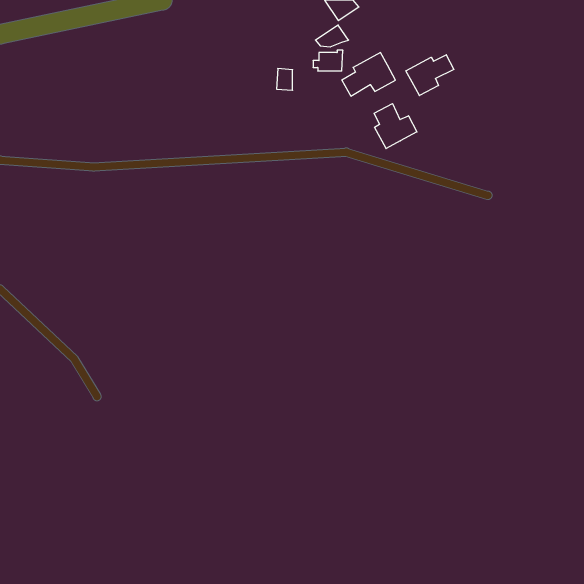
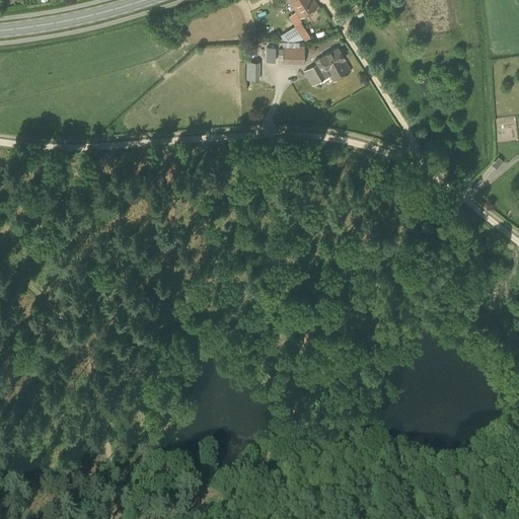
building: [406,55,454,96] -> none
building: [374,104,417,149] -> none

